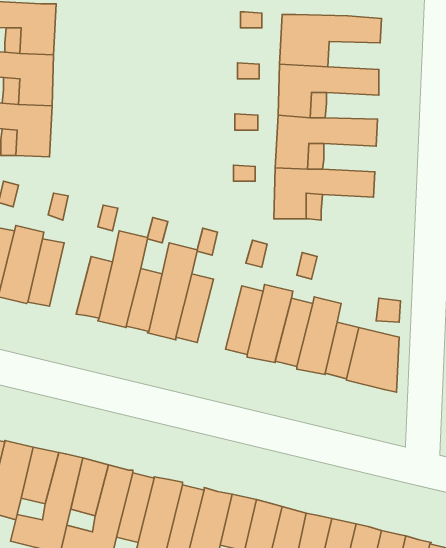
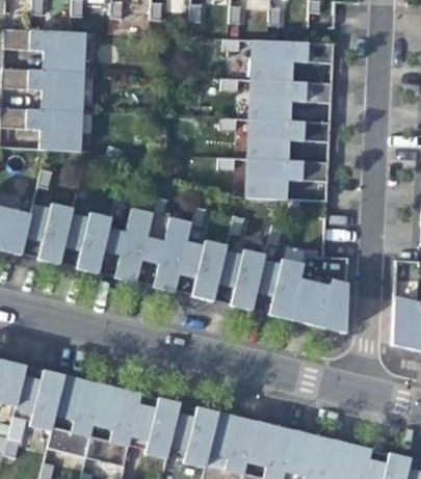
building: none -> [76,213,111,273]
building: none -> [191,240,227,300]

